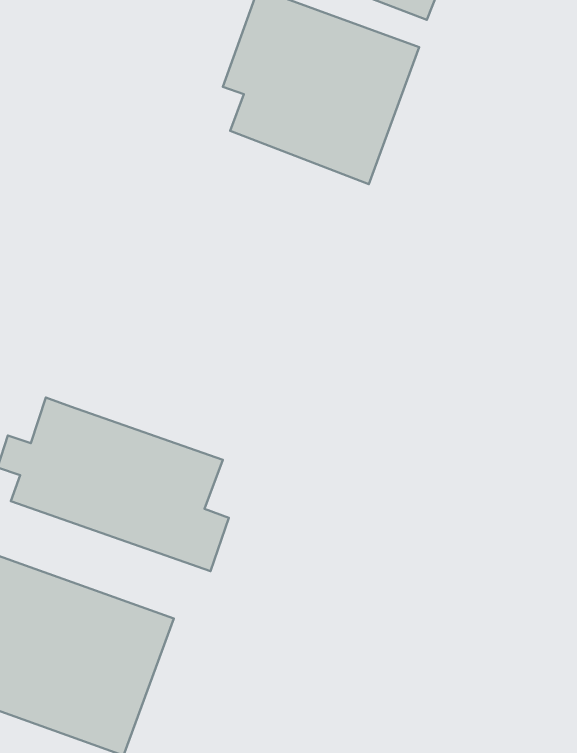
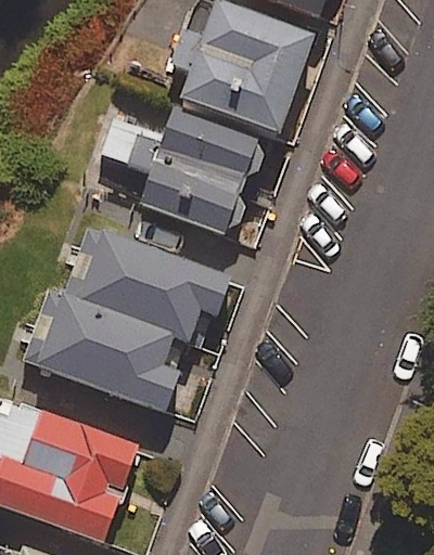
building: none -> [101,100,264,235]
building: none -> [58,228,230,337]

